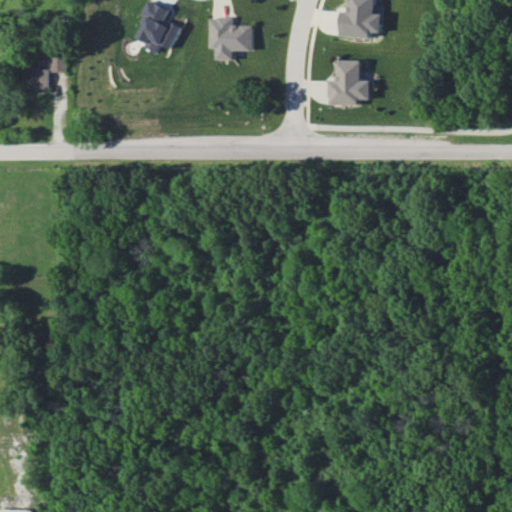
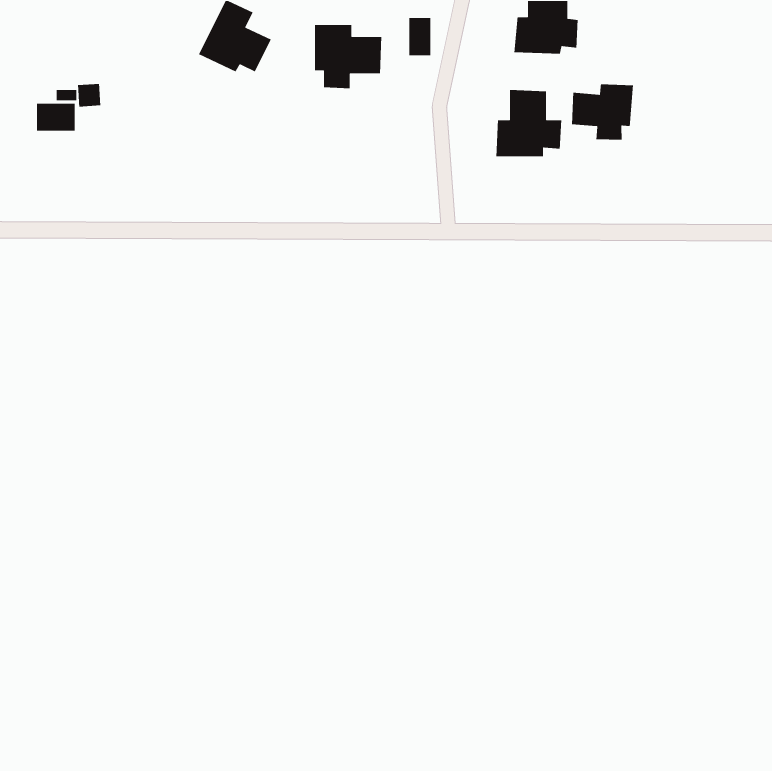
building: none -> [409,17,431,56]
building: none -> [571,84,634,141]

